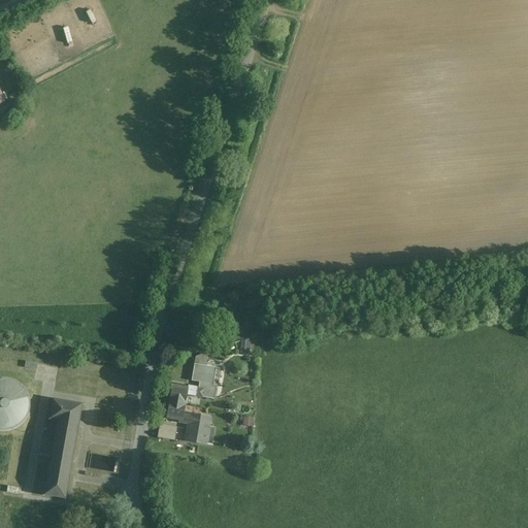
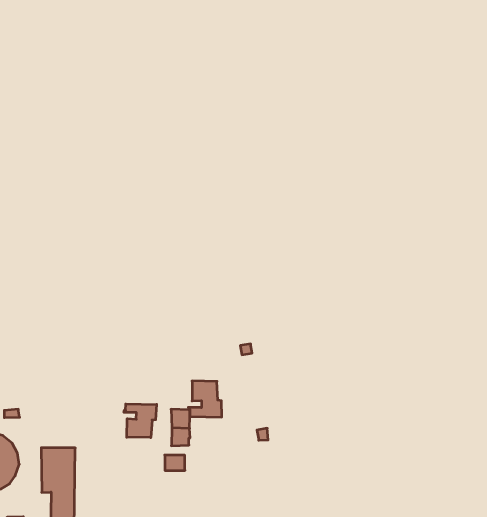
building: none -> [124,404,157,438]
building: [179,411,208,442] -> none

